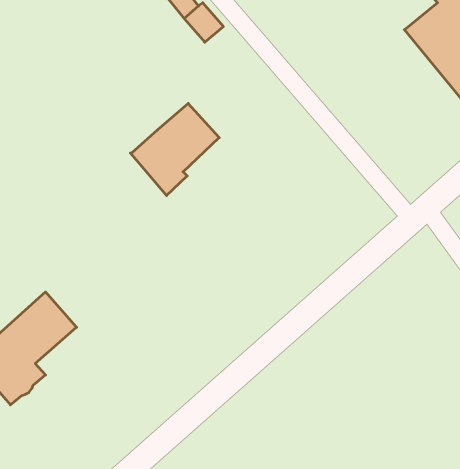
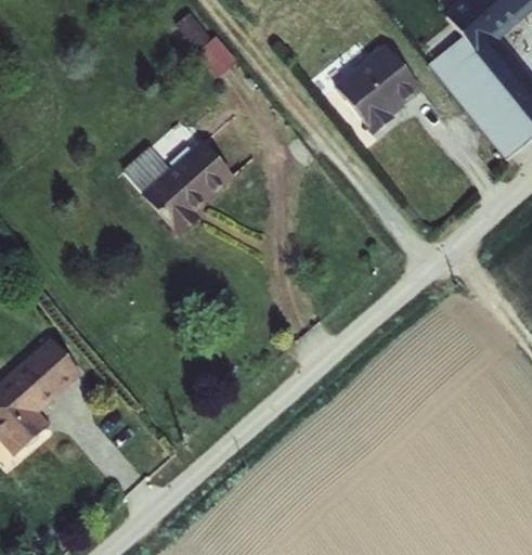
building: none -> [334,42,421,134]
building: none -> [122,144,168,191]

